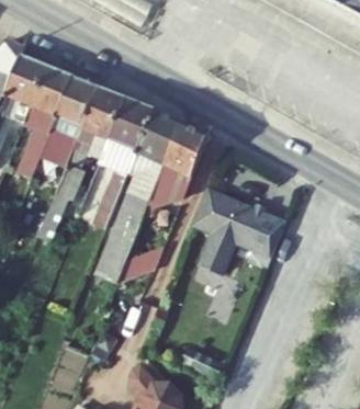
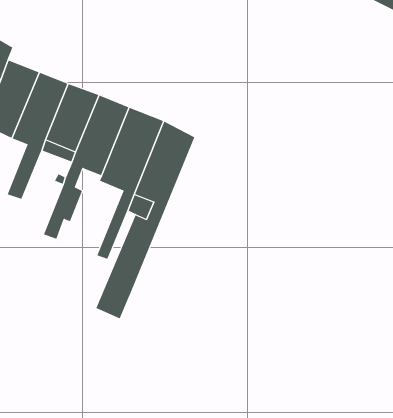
building: [126,122,207,263] -> none
building: [191,188,283,272] -> none

